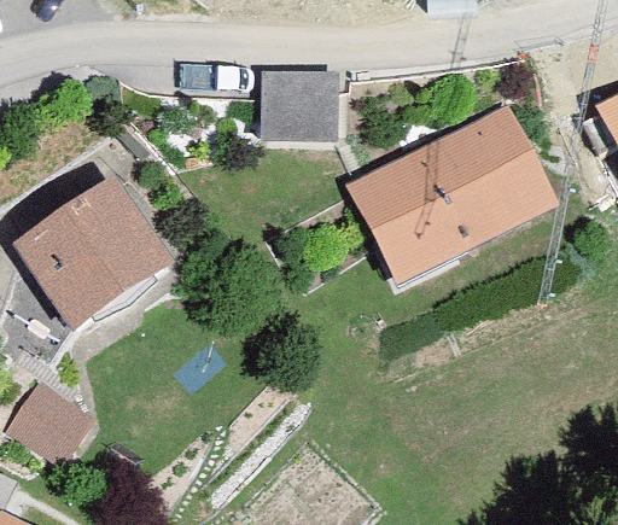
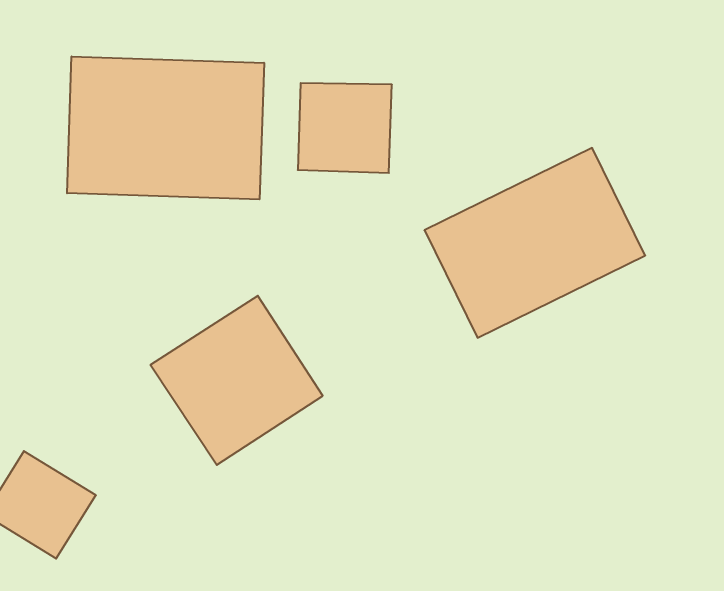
building: none -> [67,56,264,199]
building: [22,191,163,329] -> [150,296,323,465]

